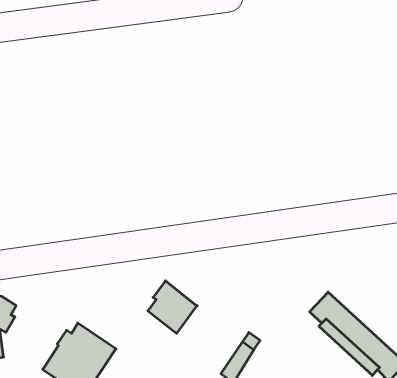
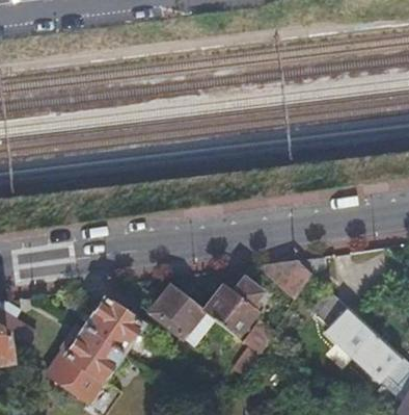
building: none -> [258,261,311,300]
building: none -> [202,279,263,338]
building: none -> [83,301,140,355]

